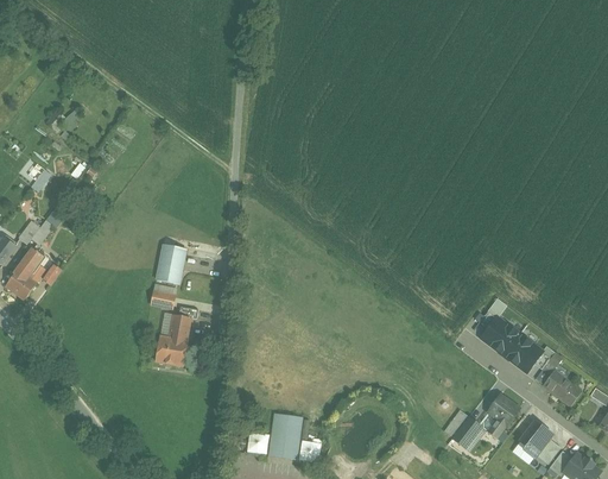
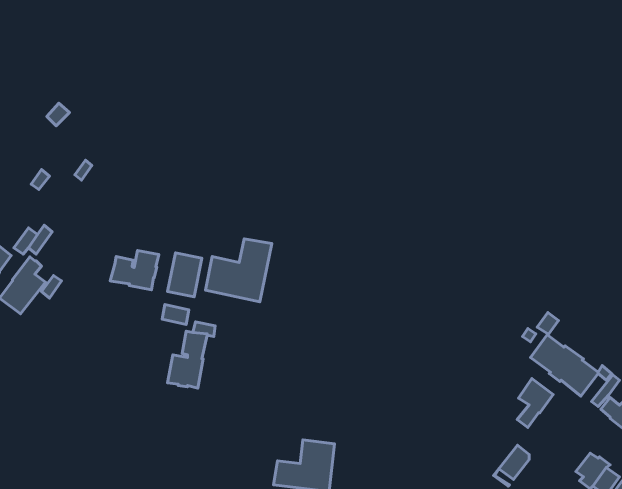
building: none -> [205,239,272,302]
building: none -> [110,251,159,290]
building: [487,395,519,439] -> [517,378,553,427]

